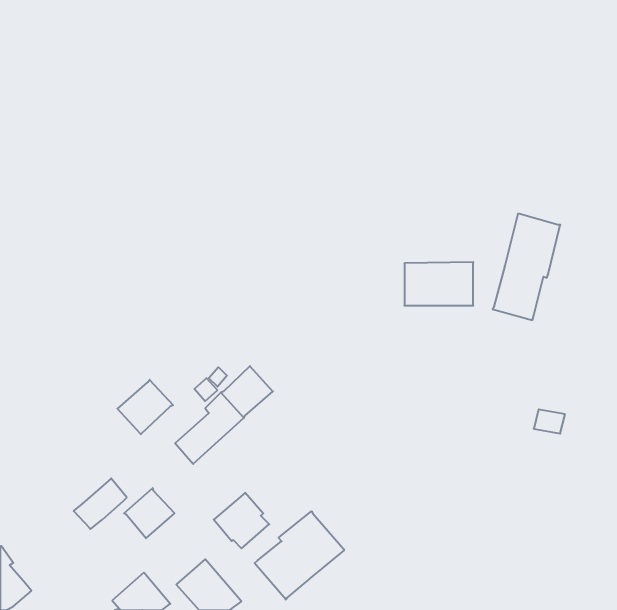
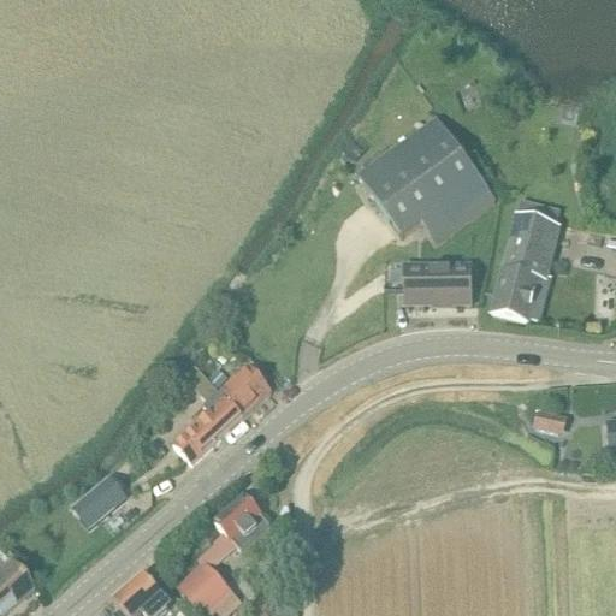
building: none -> [359,117,496,239]
building: [117,380,173,434] -> none
building: [124,488,174,538] -> none
building: [255,511,344,600] -> none

